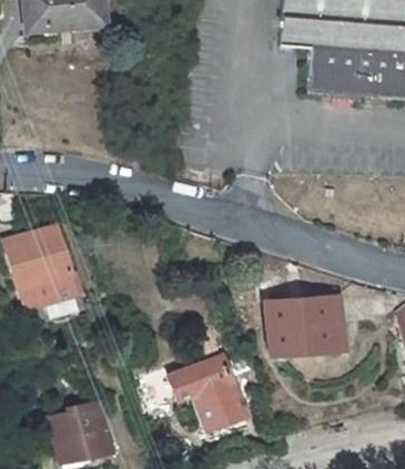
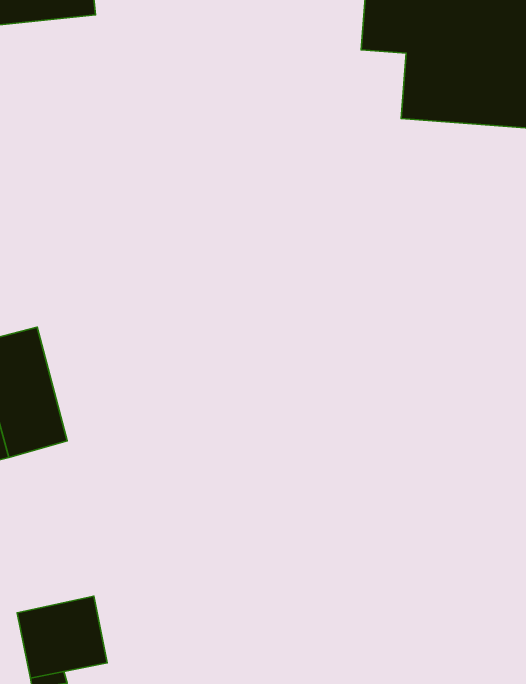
building: [267,293,337,347] -> none
building: [170,365,245,447] -> none

